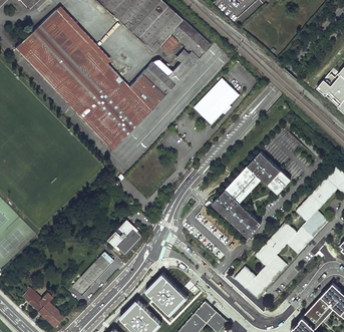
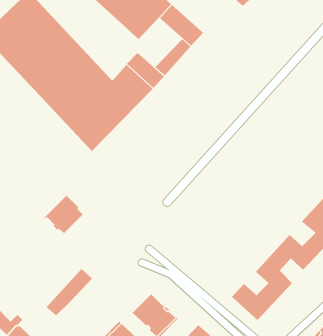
building: [194,78,239,124] -> none
building: [212,151,291,238] -> none
building: [104,221,139,255] -> [44,195,84,234]

